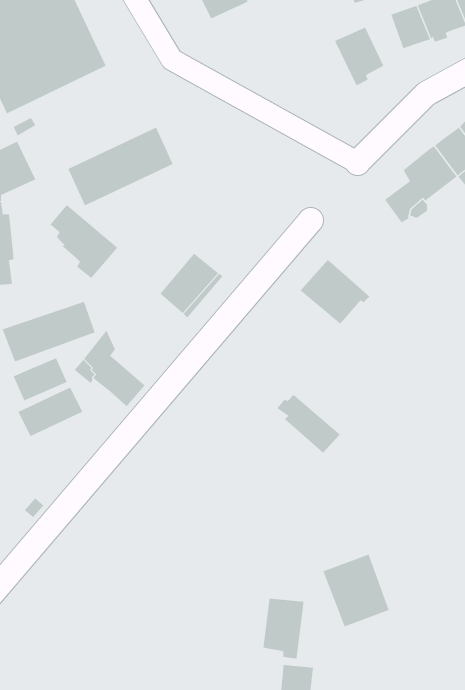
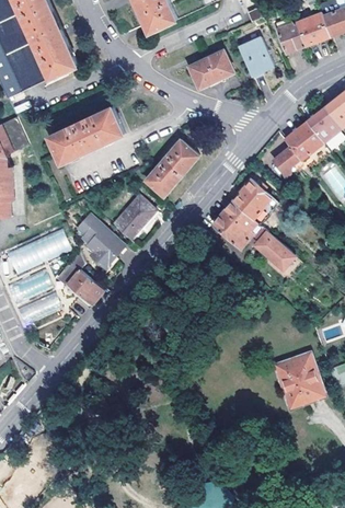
building: none -> [187,49,232,89]
building: none -> [146,139,199,196]
building: [49,204,118,279] -> [77,215,125,267]
building: none -> [232,178,272,218]
building: [276,394,340,453] -> [250,227,295,268]
building: [322,554,389,627] -> [275,356,322,407]
building: [263,598,304,660] -> none

